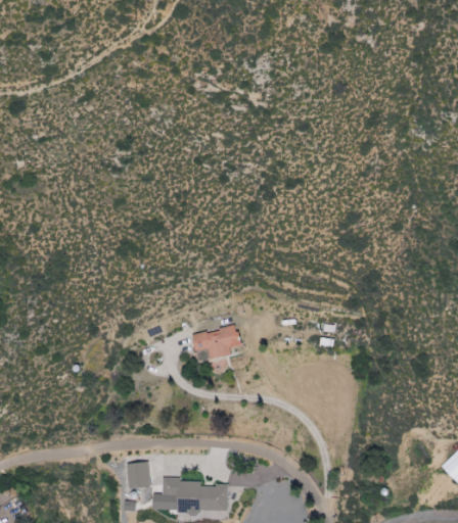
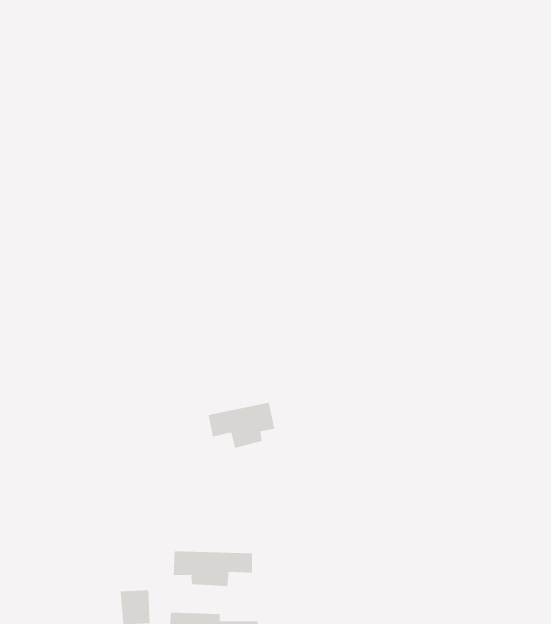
building: none -> [173,551,253,587]

